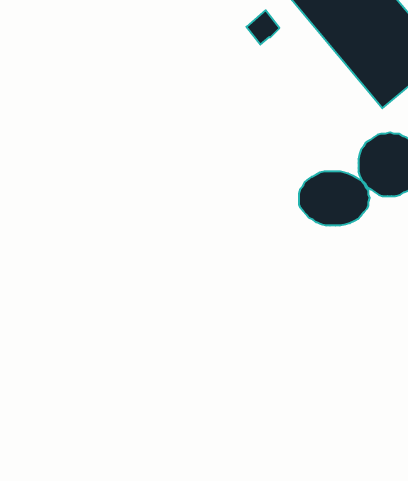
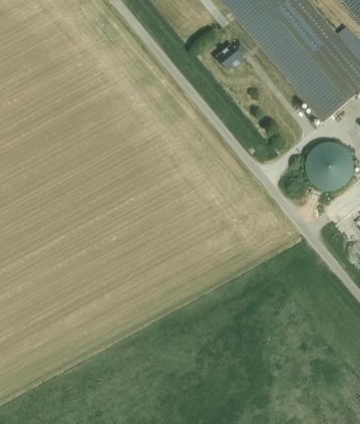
building: [299,171,370,226] -> none

